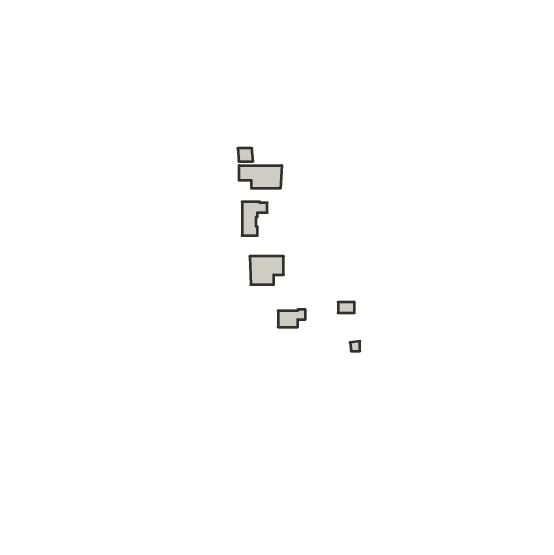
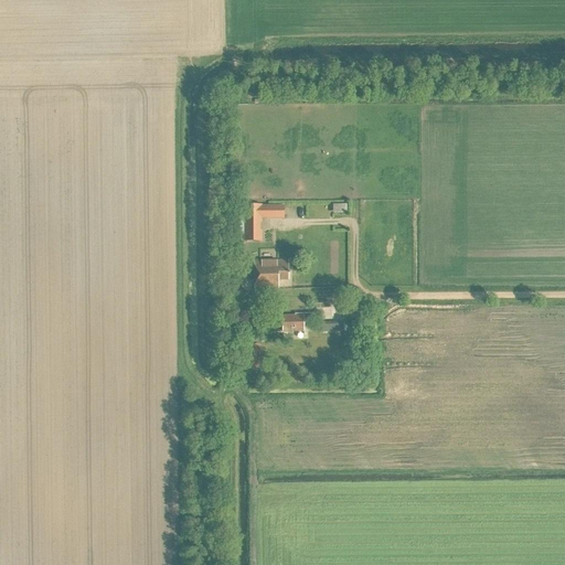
building: [239,165,282,188] -> none

